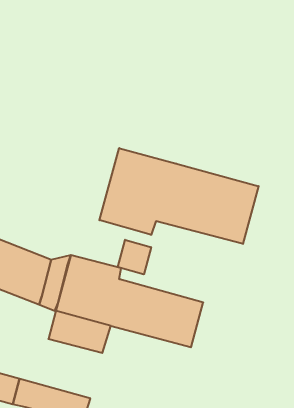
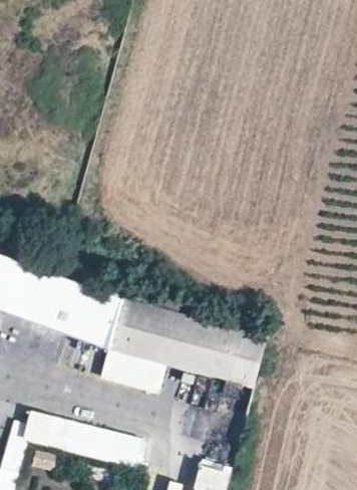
building: [99,148,259,244] -> none
building: [118,240,151,274] -> none

